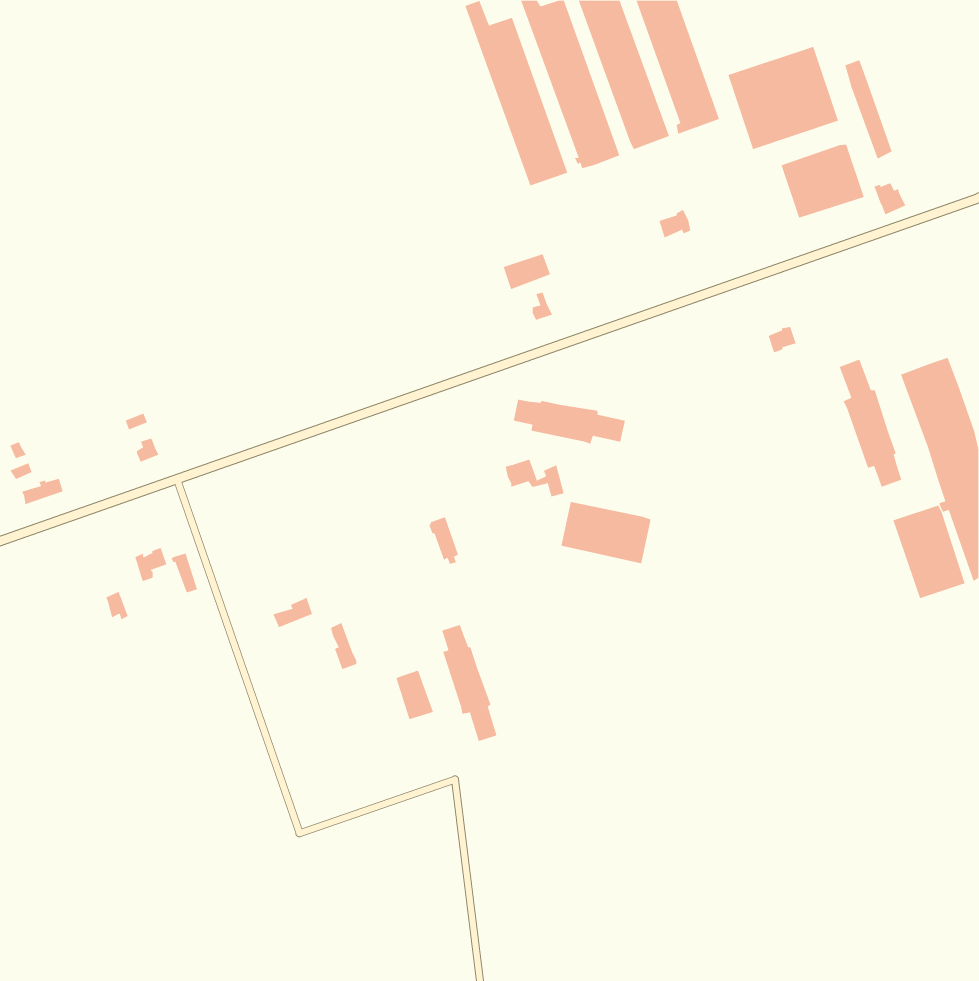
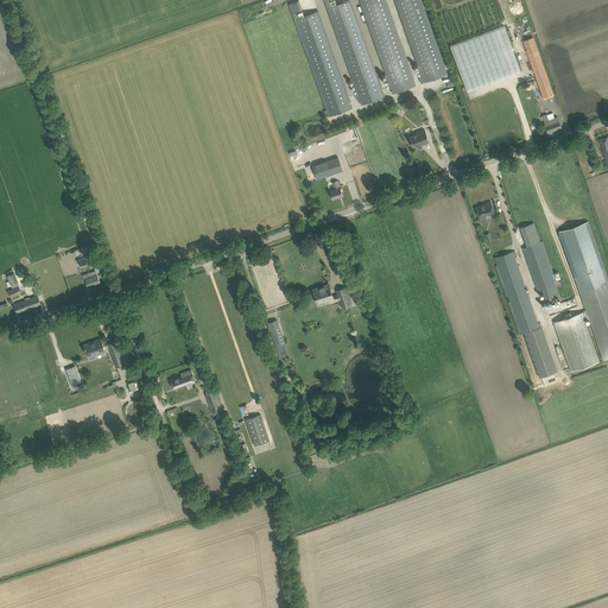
building: [781,144,865,219] -> none
building: [513,399,625,445] -> none
building: none -> [494,252,557,378]
building: [561,501,651,564] -> none
building: [441,624,497,742] -> none

